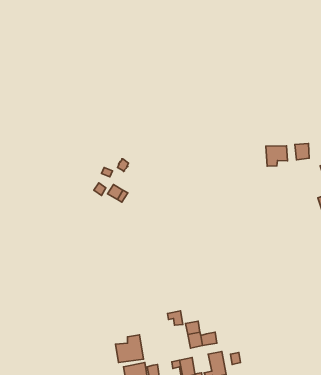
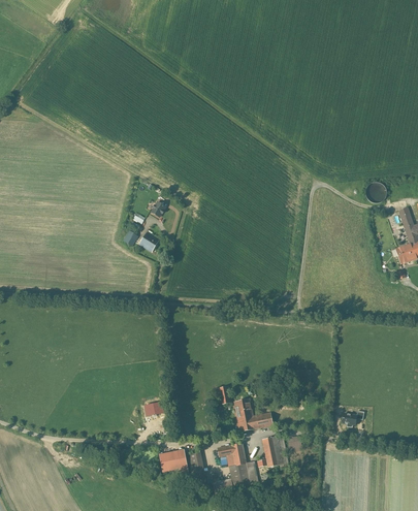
building: [266,146,287,166] -> none
building: [115,335,144,362] -> none

